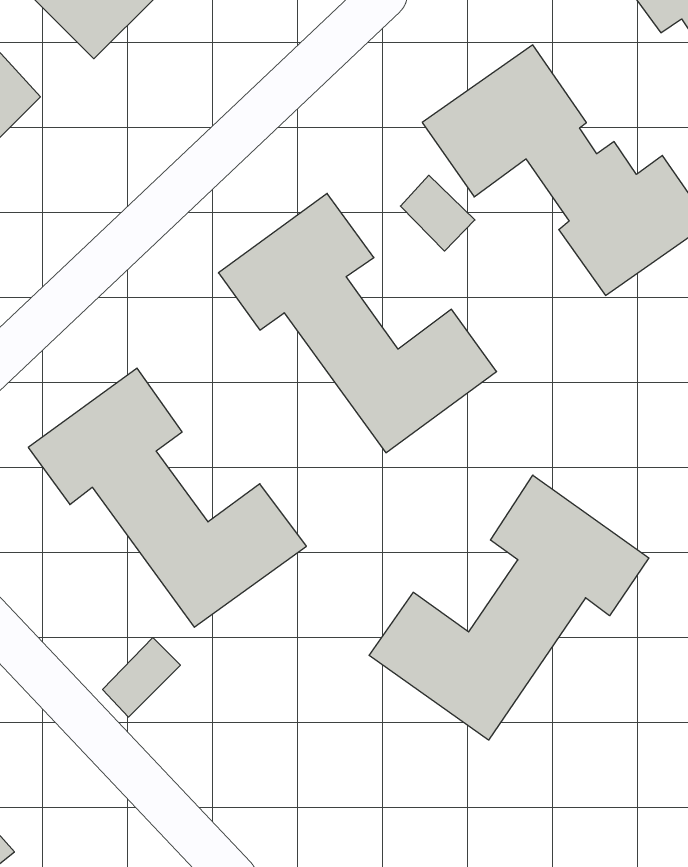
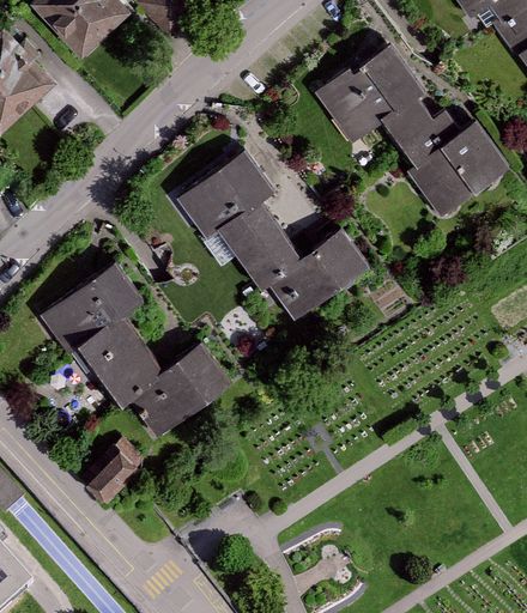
building: [400,175,475,251] -> none
building: [369,475,649,740] -> none

